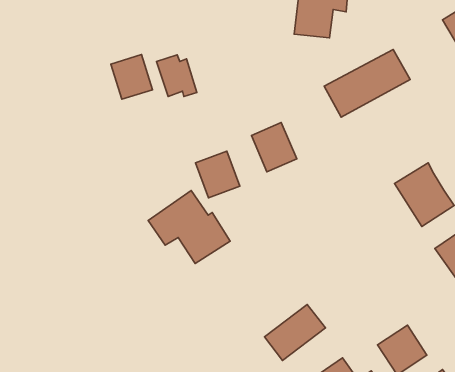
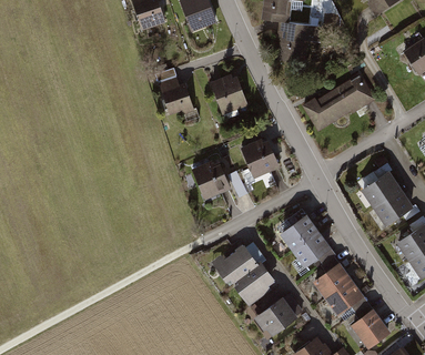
building: none -> [210,72,246,114]
building: [111,54,153,99] -> none
building: [148,191,230,263] -> [206,241,276,303]
building: none -> [279,214,330,267]
building: none -> [312,262,364,315]

